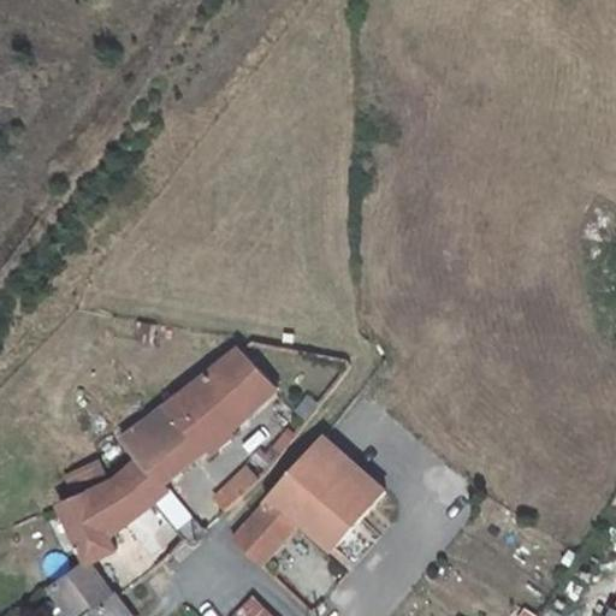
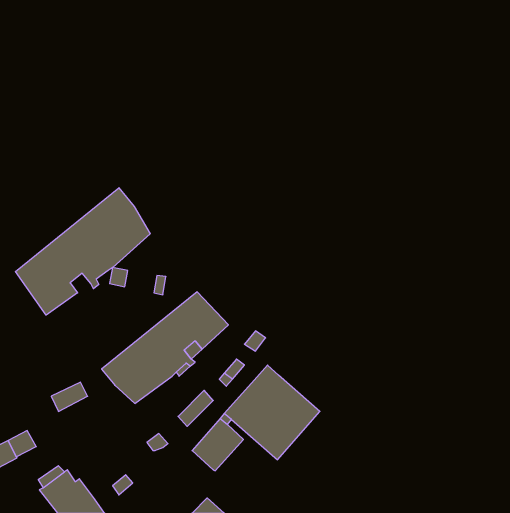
building: none -> [15,188,150,315]
building: [59,461,167,562] -> none

